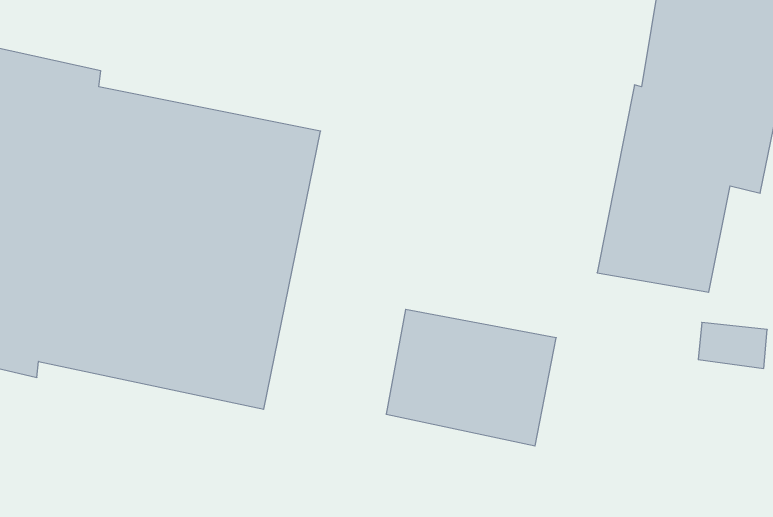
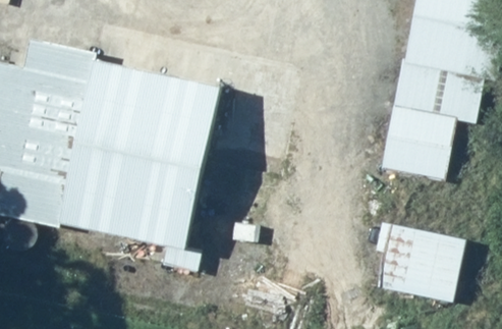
building: [386,309,556,446] -> [368,223,465,301]

